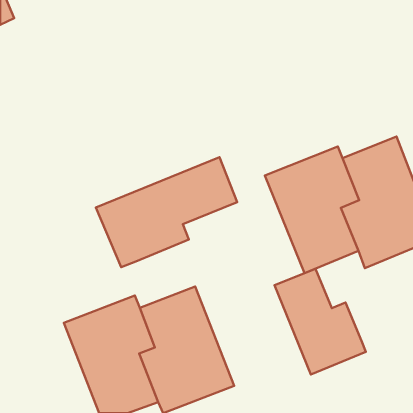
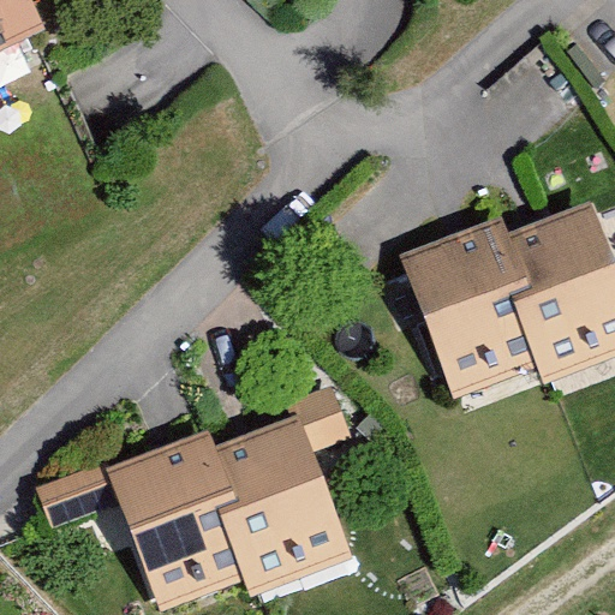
building: [96,157,237,267] -> none
building: [275,269,366,375] -> none

